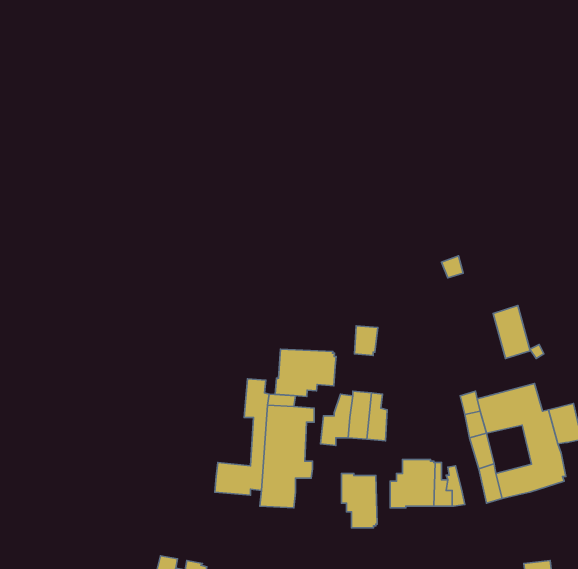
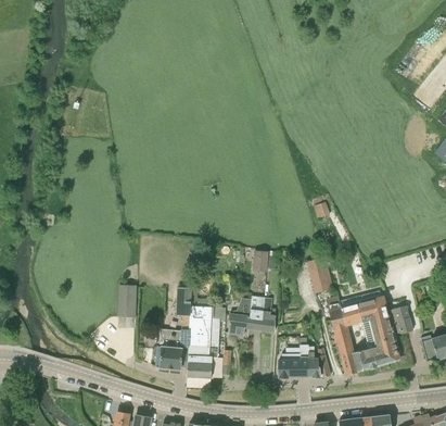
building: [493,306,530,358] -> [307,256,333,293]
building: [275,349,336,397] -> none
building: none -> [117,285,137,317]
building: [342,474,377,528] -> none

